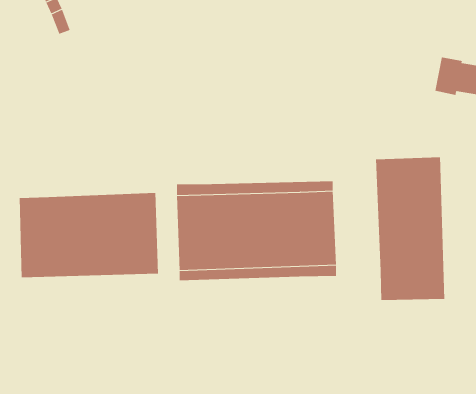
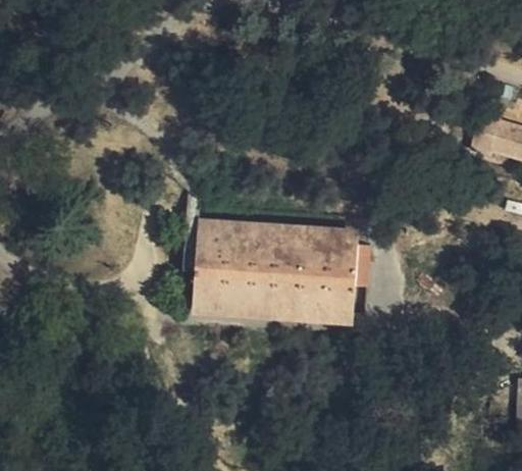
building: [376,157,445,301] -> none
building: [19,192,159,278] -> none

